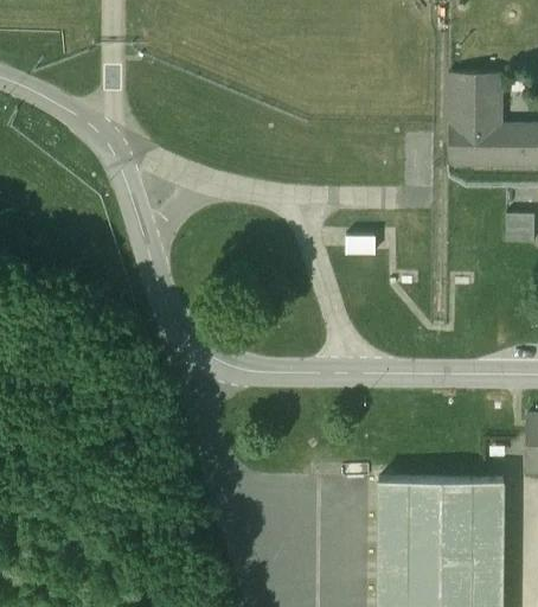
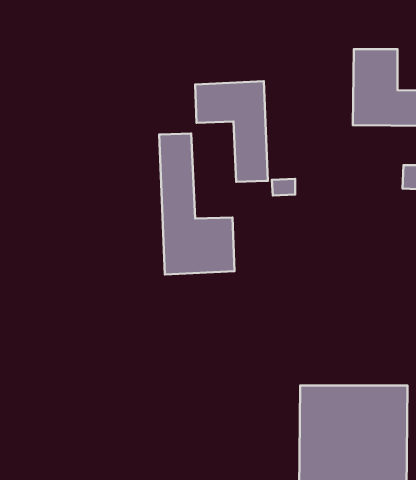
building: none -> [195,81,268,182]
building: none -> [159,134,234,274]

